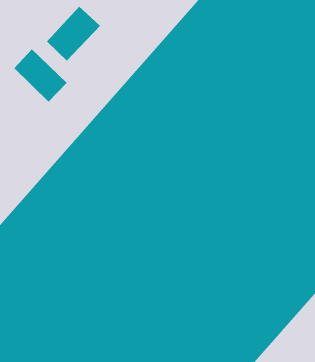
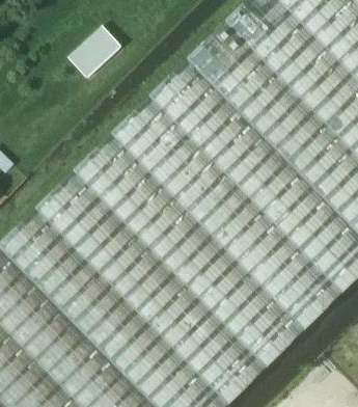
building: [13,49,68,102] -> none

